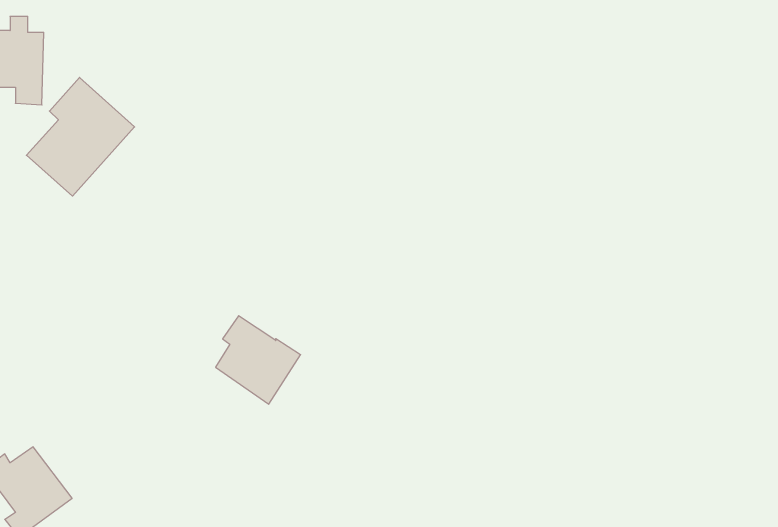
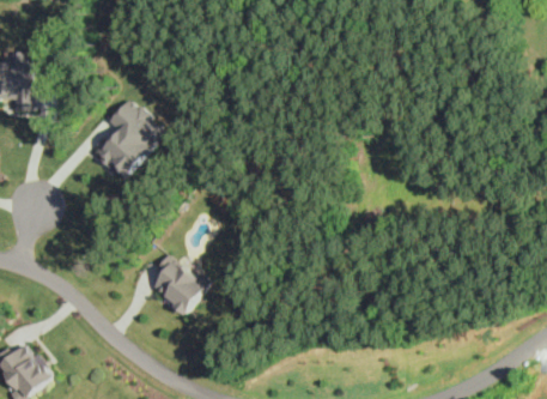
building: [26,77,135,196] -> [91,98,164,179]

